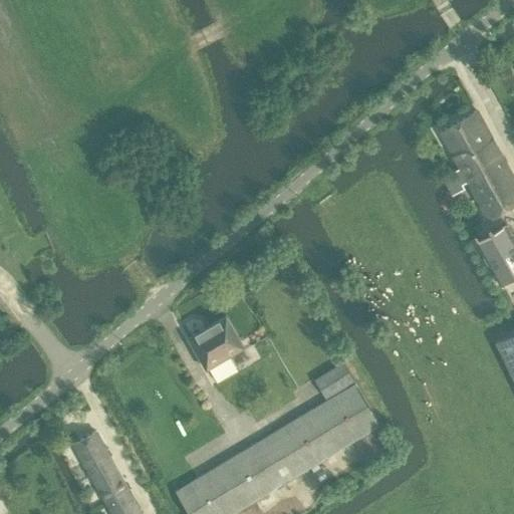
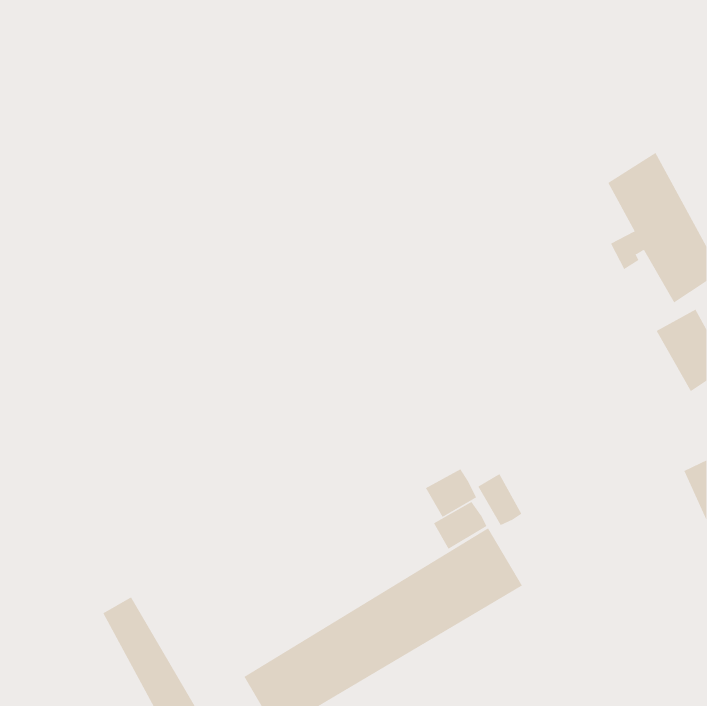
building: [189,317,250,369] -> none
building: none -> [425,468,477,518]
building: none -> [477,473,522,526]

